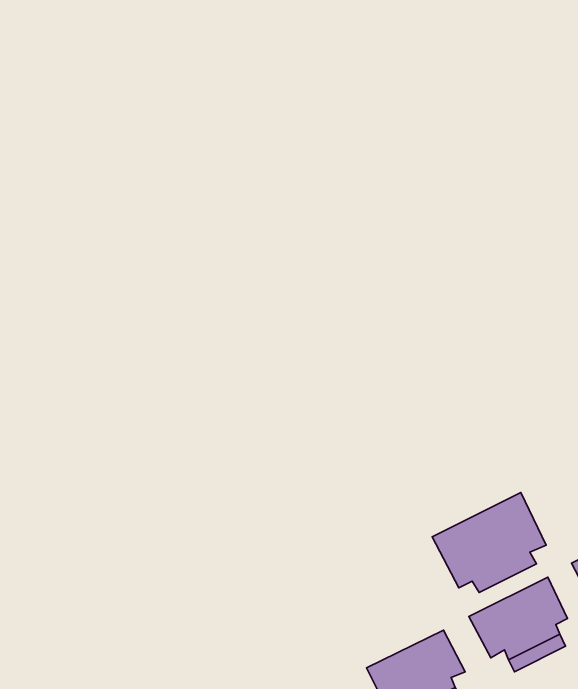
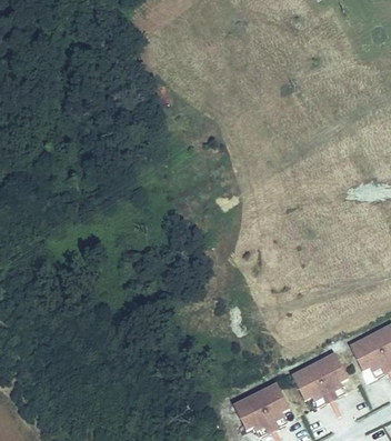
building: [432,492,546,593] -> none

